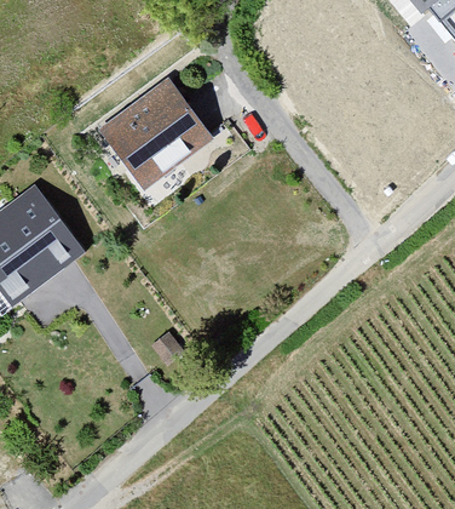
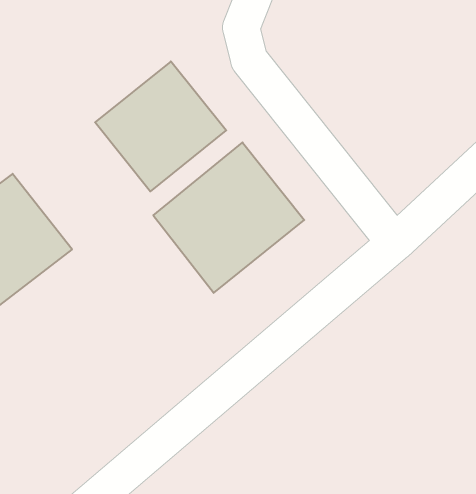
building: none -> [153,142,304,293]

